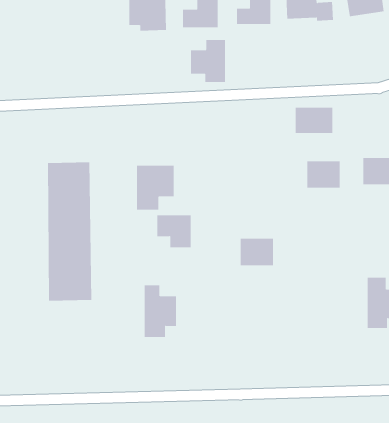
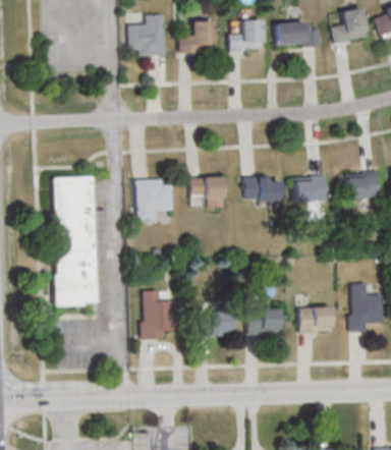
building: [191,39,225,83] -> none
building: [295,107,333,134] -> [244,178,280,203]
building: [156,215,192,248] -> [190,177,223,208]
building: [240,238,274,266] -> [247,308,279,334]
building: none -> [299,307,331,333]
building: none -> [199,313,233,337]

